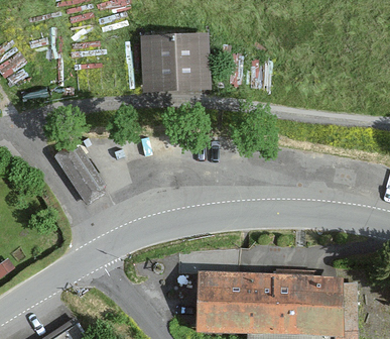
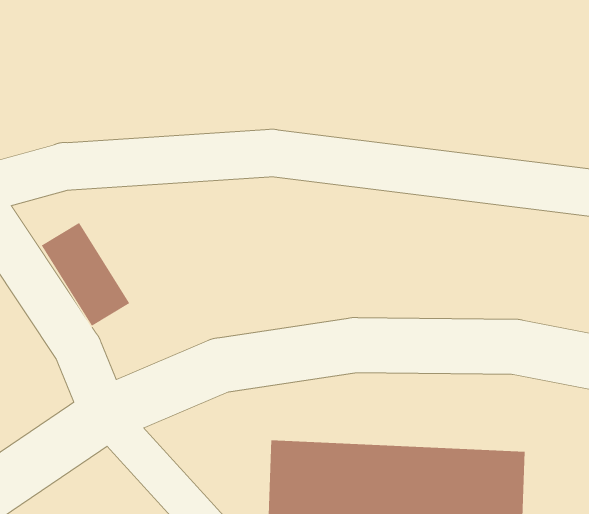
building: [138,32,210,94] -> none

